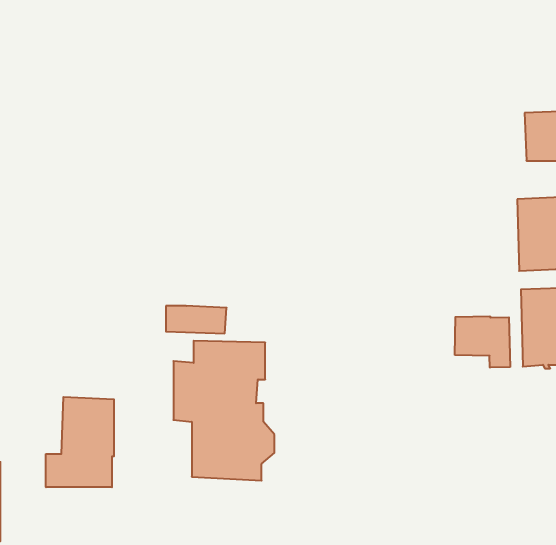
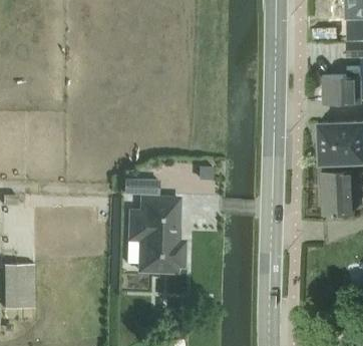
building: [455,316,510,368] -> none
building: [46,397,114,487] -> none

